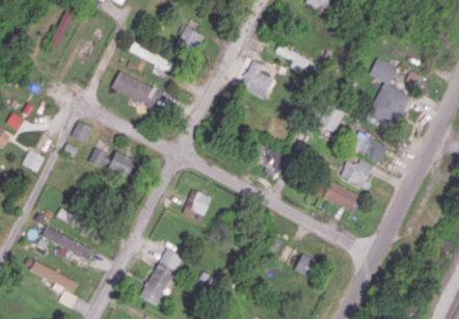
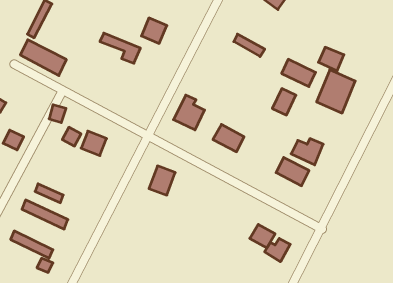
building: [240,60,274,99] -> [173,95,205,130]
building: [111,71,162,110] -> [20,40,66,76]
building: [351,132,388,162] -> [282,59,316,87]
building: [140,248,183,305] -> none
building: none -> [265,238,290,262]

